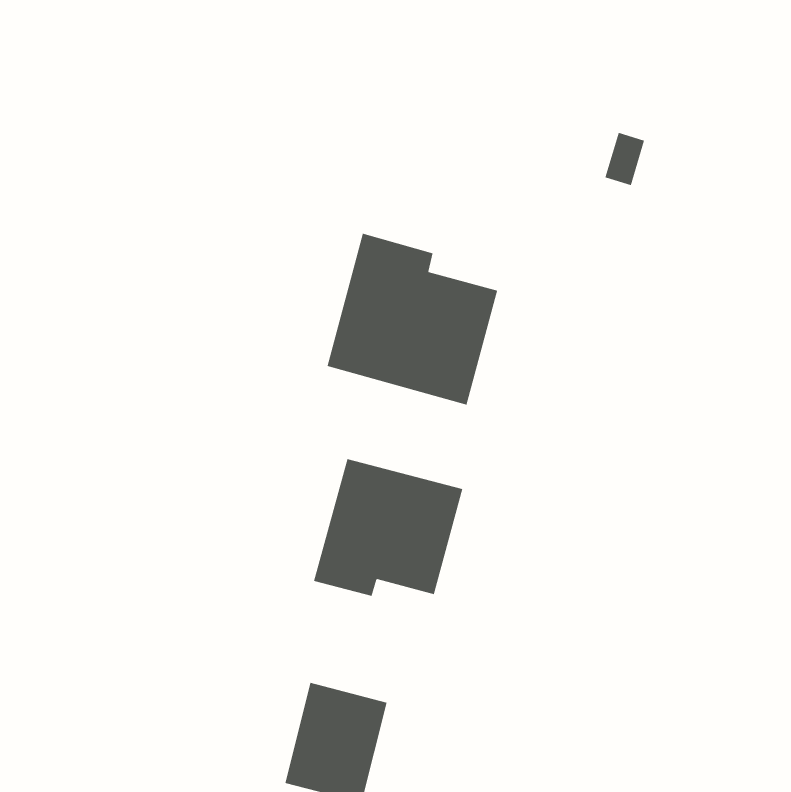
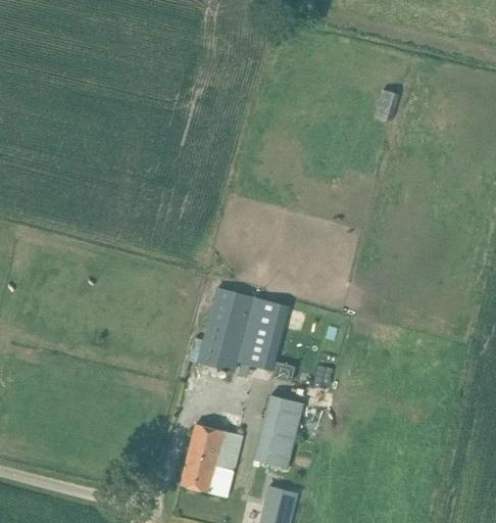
building: [327,233,498,405] -> none
building: none -> [255,395,303,475]

